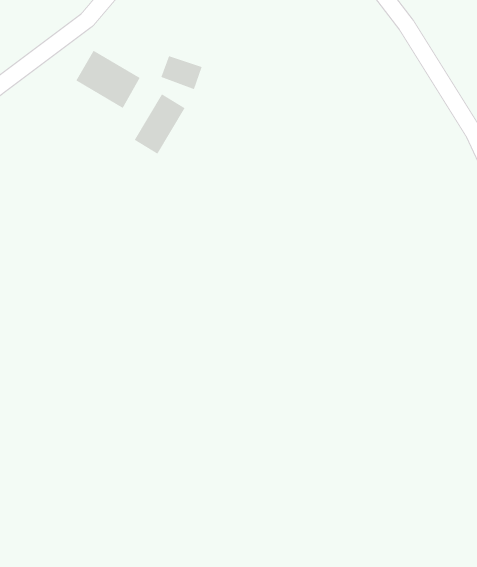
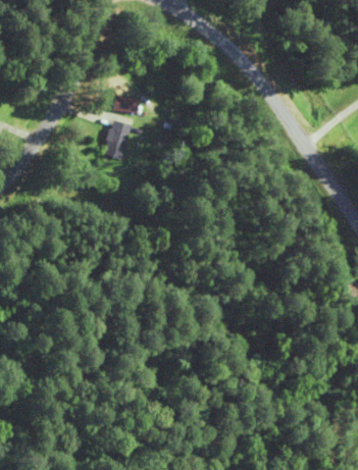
building: [76,50,141,109] -> none

